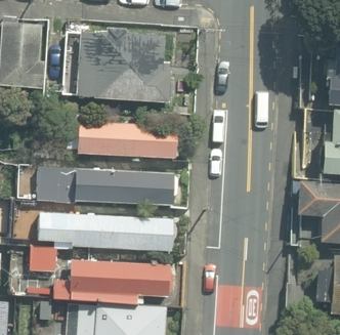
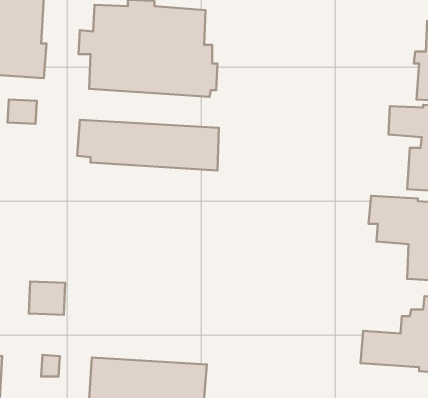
building: [35,167,175,205] -> none
building: [38,213,176,251] -> none
building: [52,259,172,303] -> none

